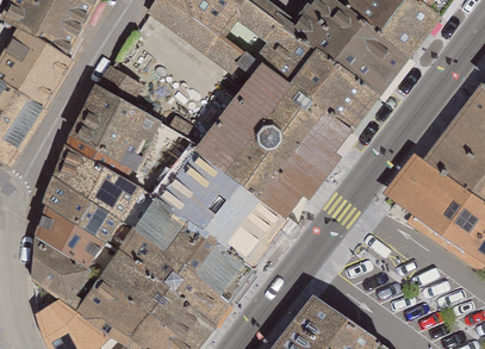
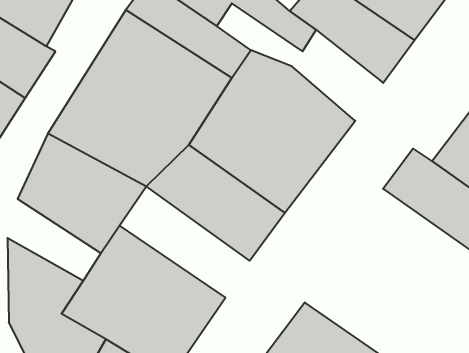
building: [299,39,385,125] -> none
building: [136,187,259,292] -> none
building: [30,199,118,276] -> none

